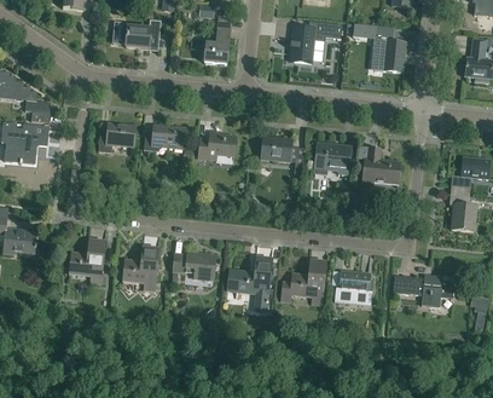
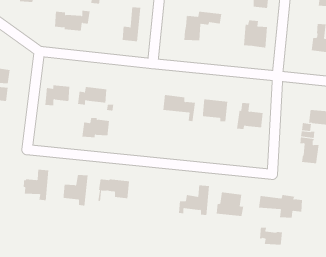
building: [197,131,236,161] -> [82,117,110,139]
building: [226,258,271,310] -> none
building: none -> [260,227,282,245]

